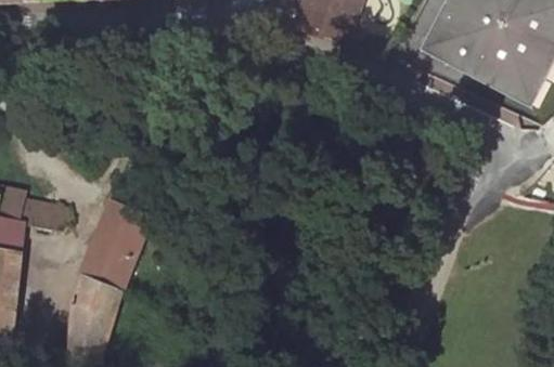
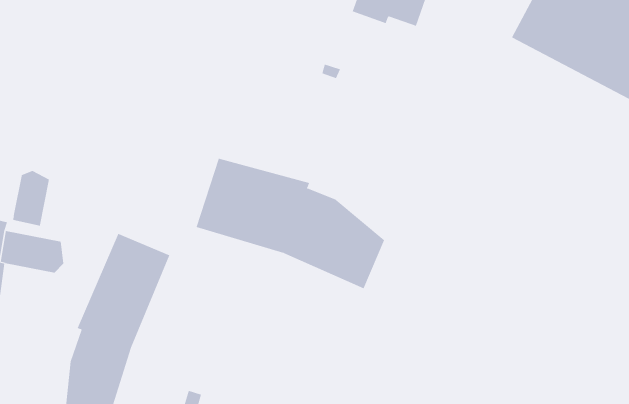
building: none -> [196,158,385,289]
building: none -> [13,170,49,227]

